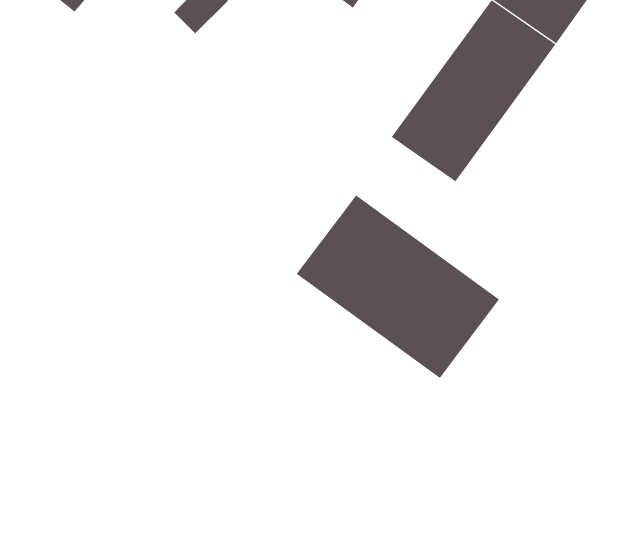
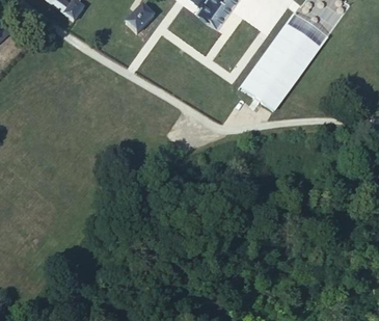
building: [296,195,500,379] -> none

